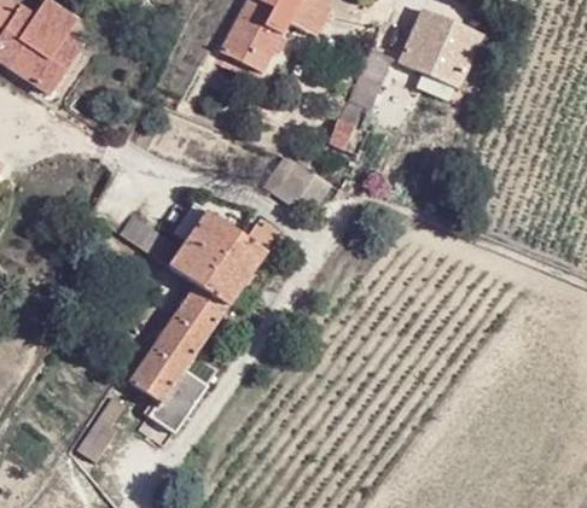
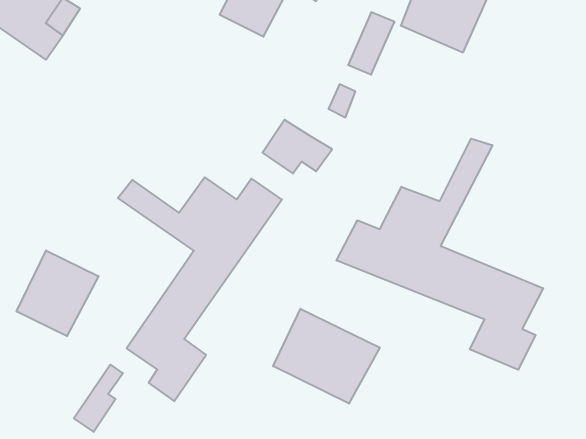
building: none -> [336,139,543,370]
building: none -> [17,250,99,336]
building: none -> [273,309,380,404]

